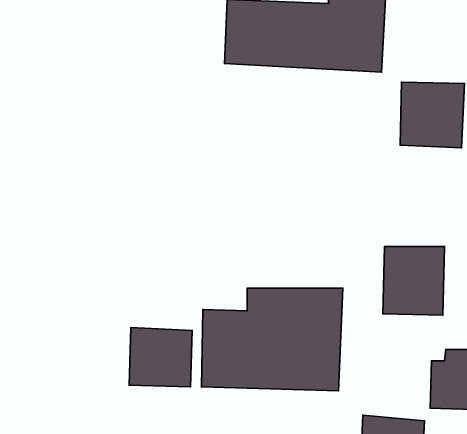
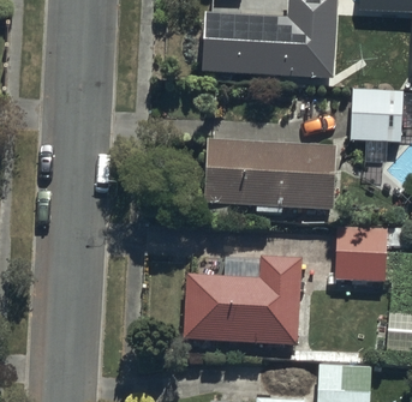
building: none -> [203,127,336,199]
building: [129,327,192,387] -> none

